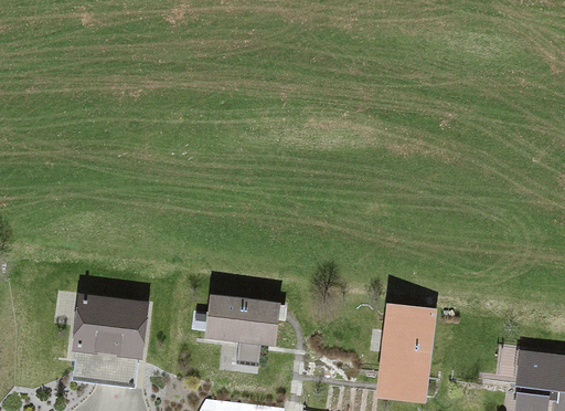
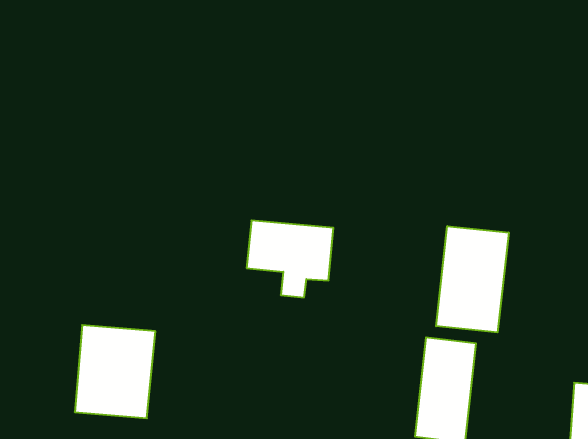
building: none -> [436,226,509,332]
building: [209,293,287,362] -> [247,220,333,297]

